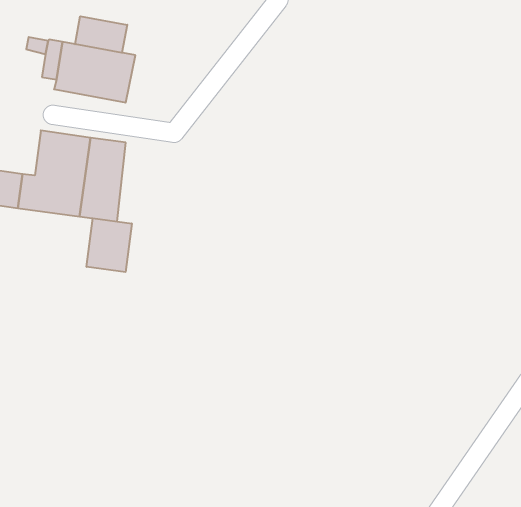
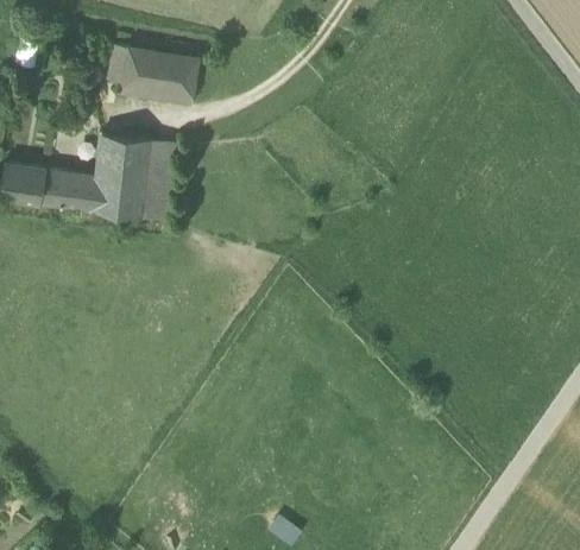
building: [75,16,127,53] -> none
building: [87,218,132,272] -> none

